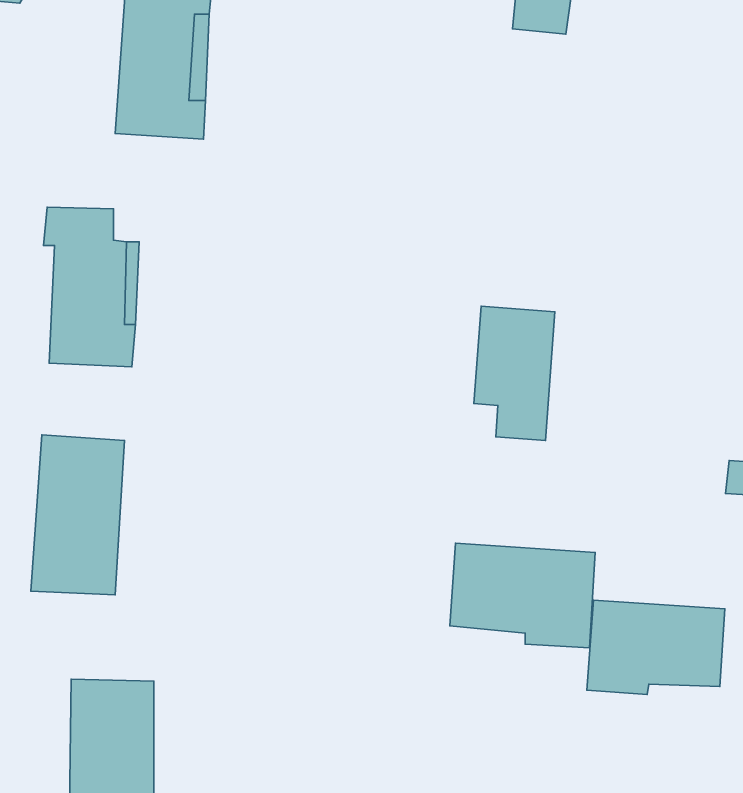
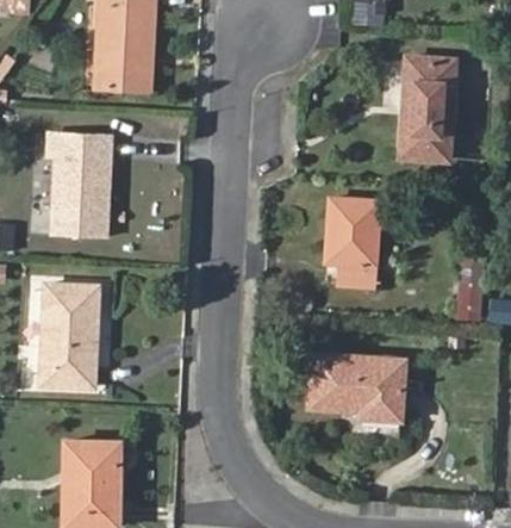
building: none -> [403,61,454,160]
building: none -> [455,259,484,321]
building: [587,600,725,695] -> none

